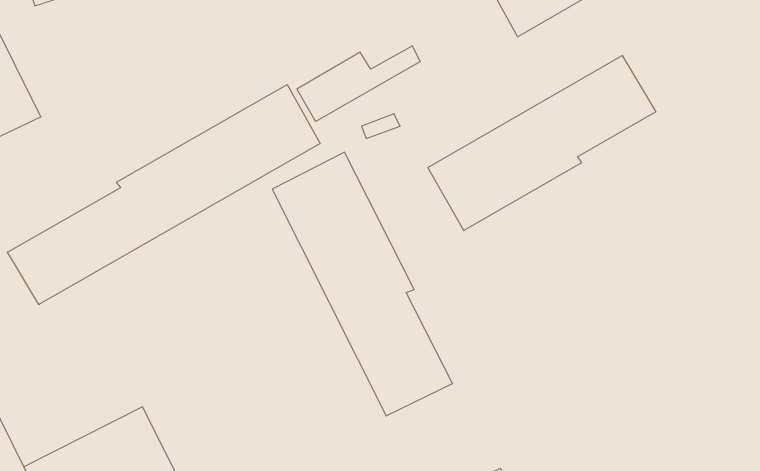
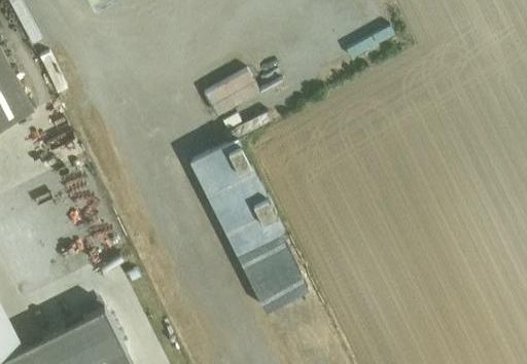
building: [428,55,656,231] -> none
building: [7,85,320,305] -> none

